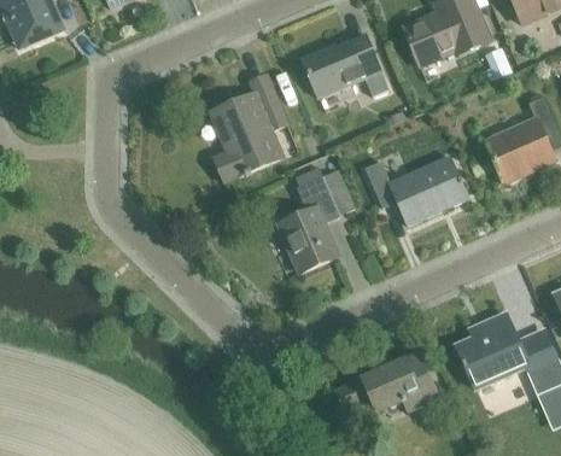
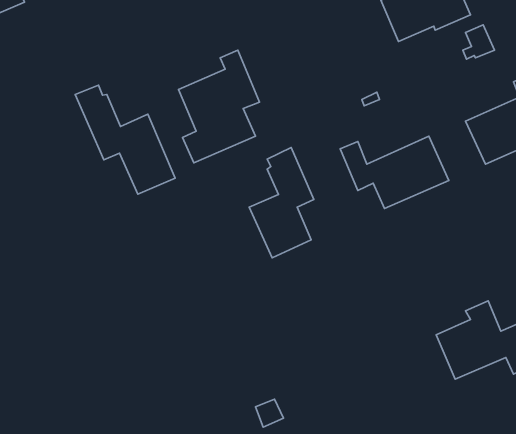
building: [302,35,388,97] -> none
building: none -> [75,85,175,194]
building: [335,352,438,411] -> none

